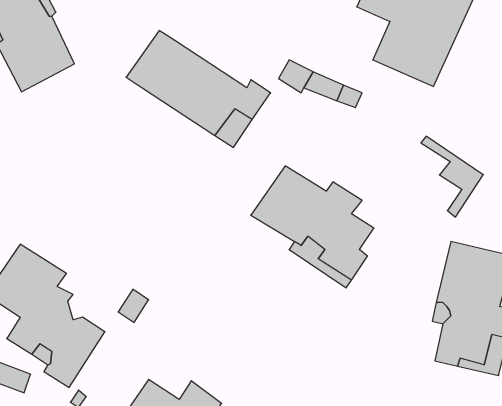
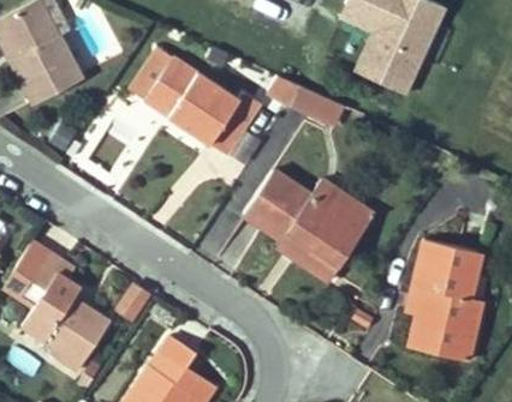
building: [421,136,483,217] -> [317,179,374,252]
building: none -> [150,334,197,382]

